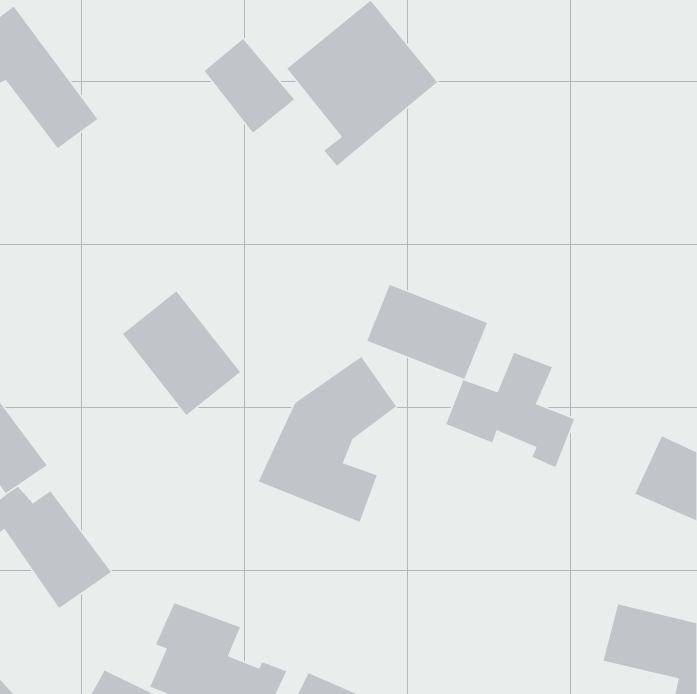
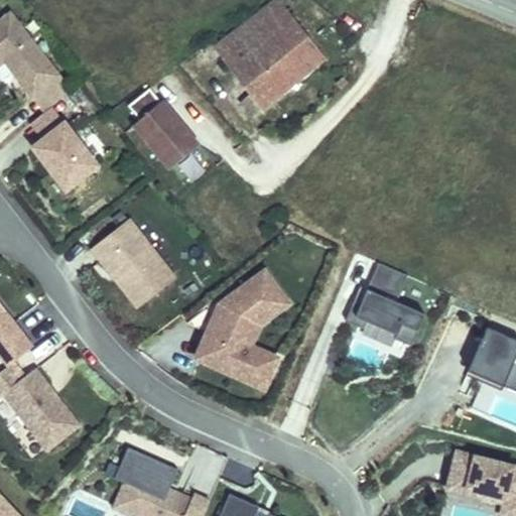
building: [203,38,295,134] -> [125,111,192,181]
building: none -> [28,117,102,195]
building: [366,284,488,380] -> none

